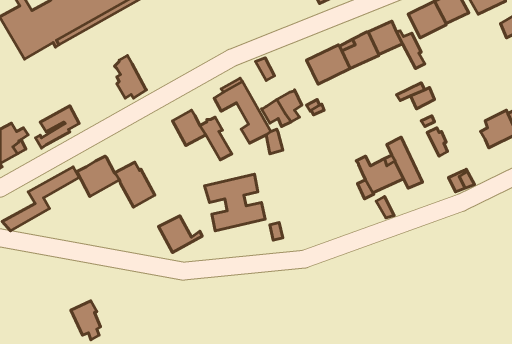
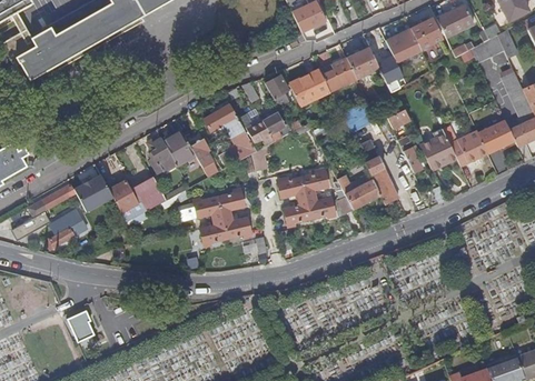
building: none -> [264,74,290,108]
building: [115,56,147,98] -> [147,132,177,172]
building: none -> [420,126,459,170]
building: [35,106,79,148] -> [44,209,86,249]
building: none -> [277,168,335,224]
building: [158,216,202,253] -> [133,176,175,210]

